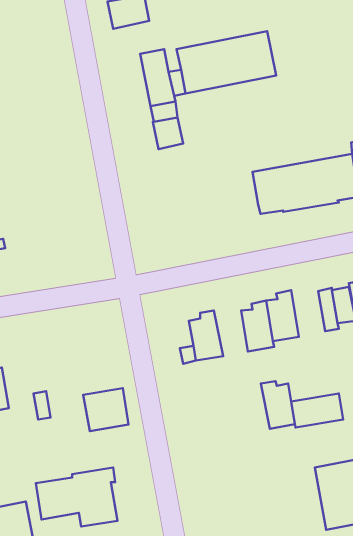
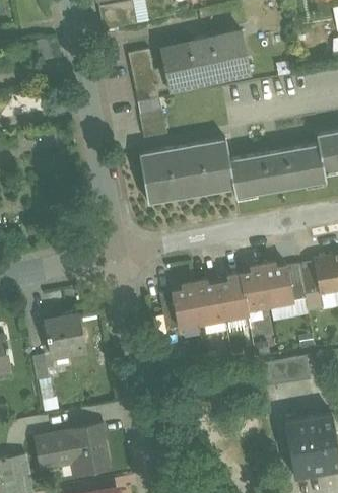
building: none -> [139,139,233,203]
building: none -> [263,263,293,306]
building: [261,381,295,429] -> [194,281,224,324]
building: [83,388,129,431] -> [44,315,84,354]

